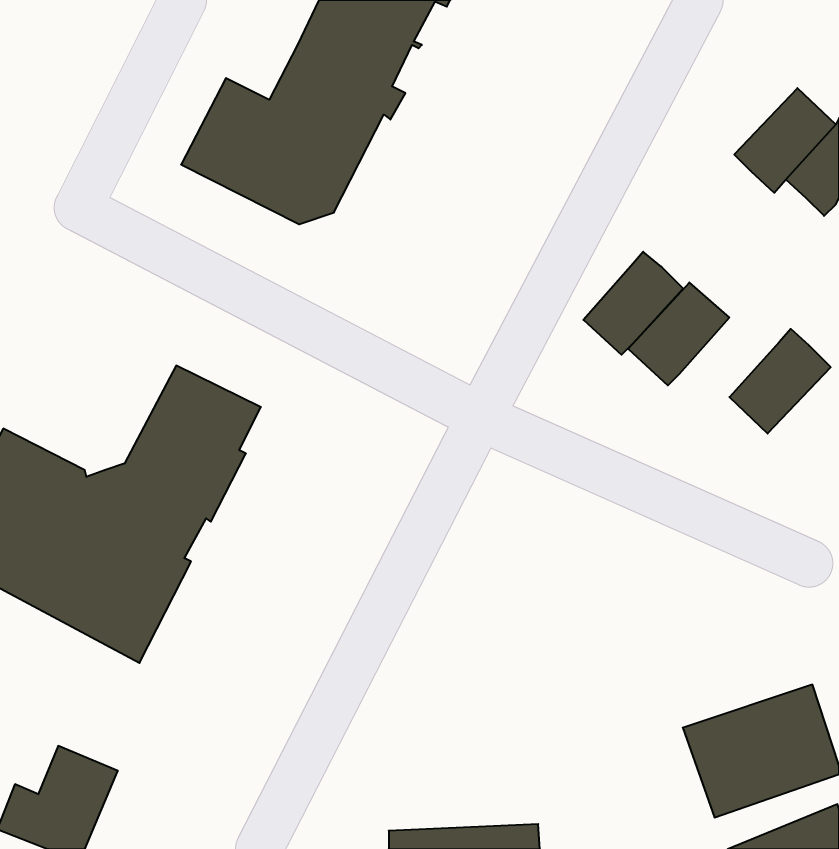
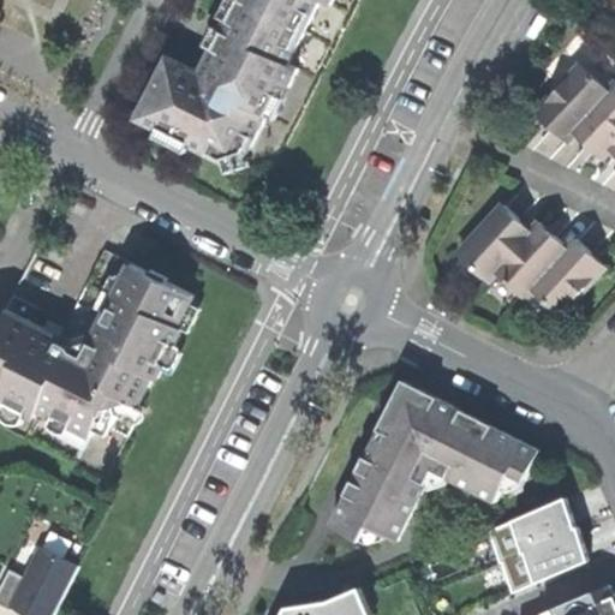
building: [583,252,683,355] -> [491,221,563,295]
building: none -> [328,377,536,539]

